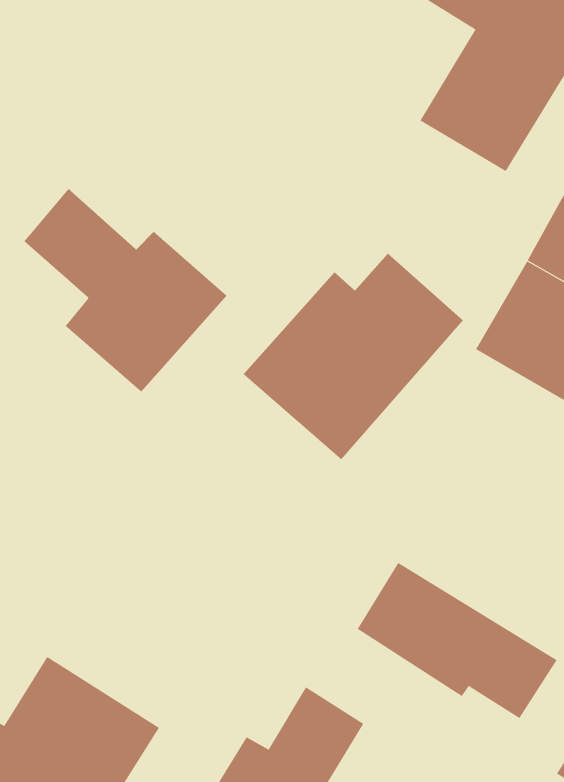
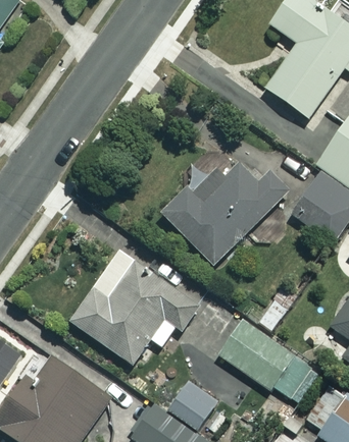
building: [24,188,227,393] -> none
building: none -> [68,250,200,365]

